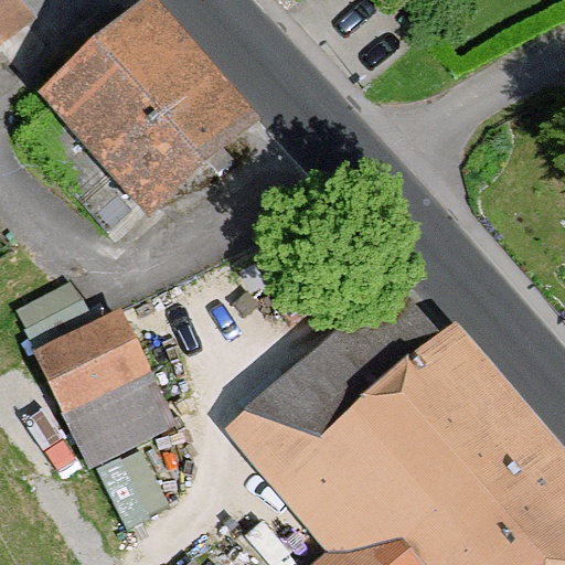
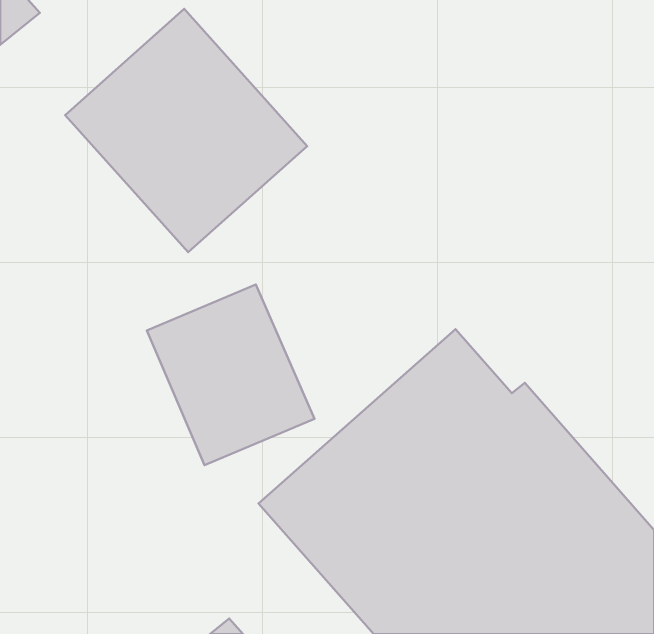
building: [32,313,177,469] -> [147,284,315,465]

